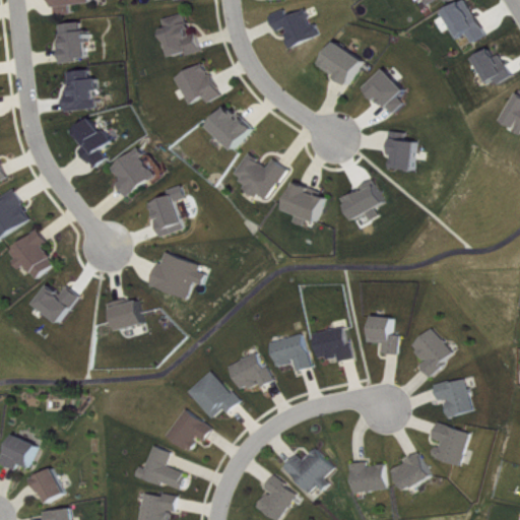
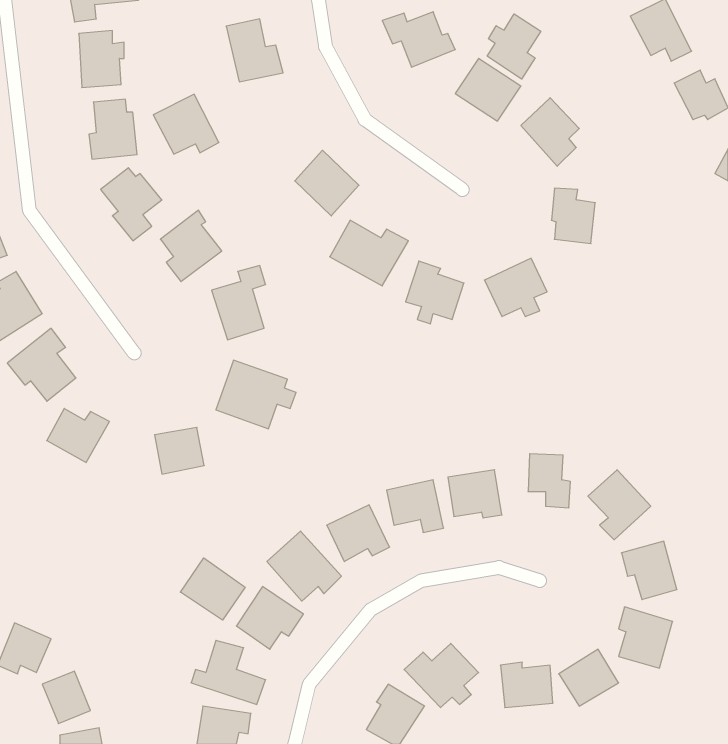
building: none -> [487,14,541,79]
building: [172,62,217,104] -> [153,94,219,154]
building: none -> [180,558,245,620]

